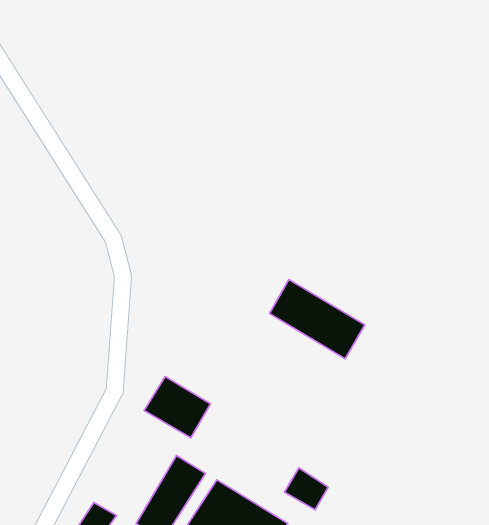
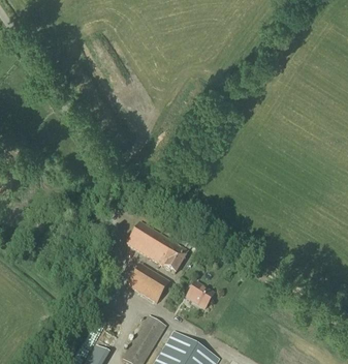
building: [269,279,365,359] -> [127,221,188,272]
building: [284,468,328,510] -> [186,281,214,308]

